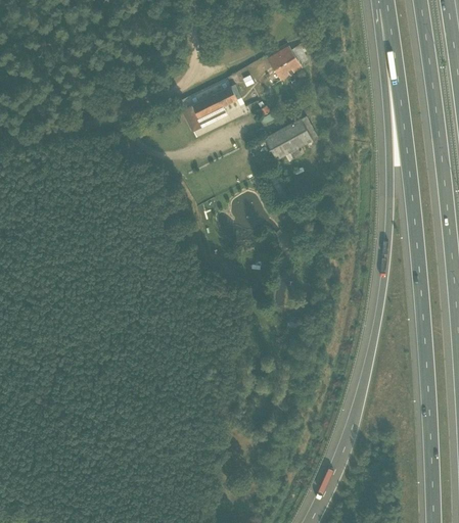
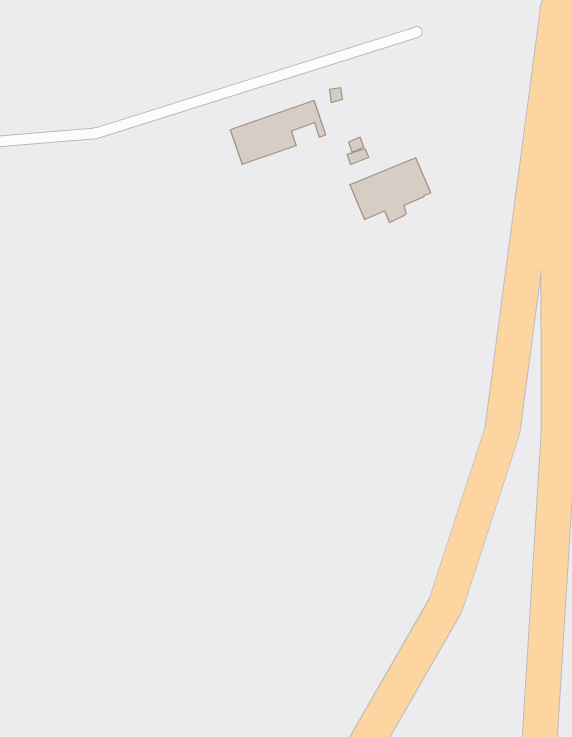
building: [265,45,305,80] -> none

